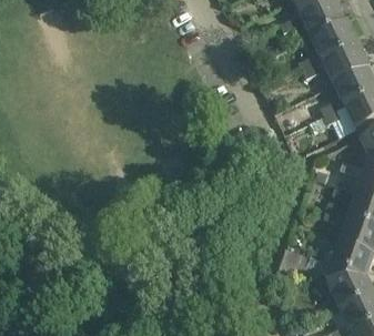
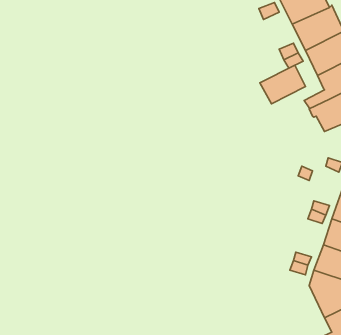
building: none -> [260,65,305,104]

